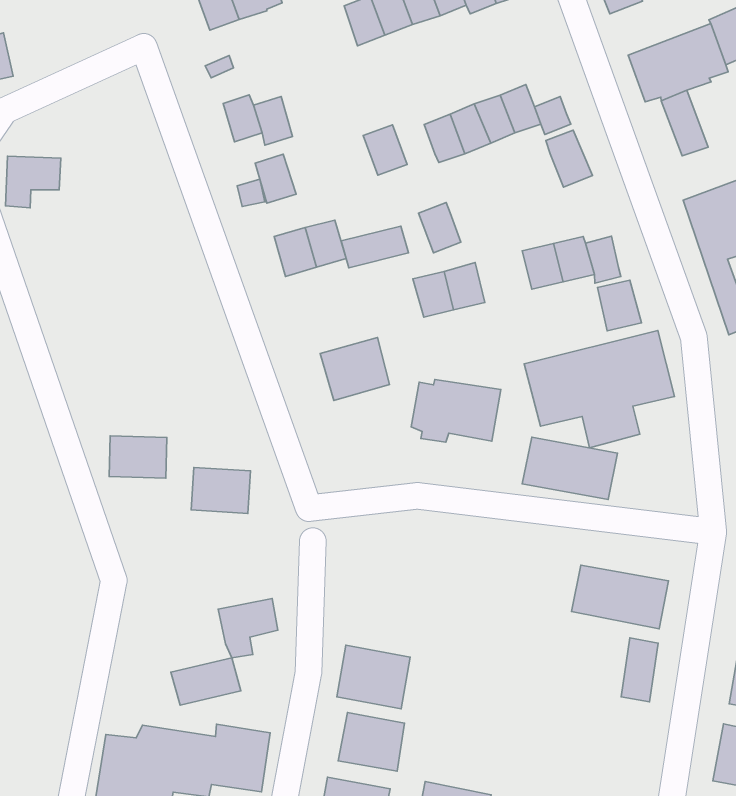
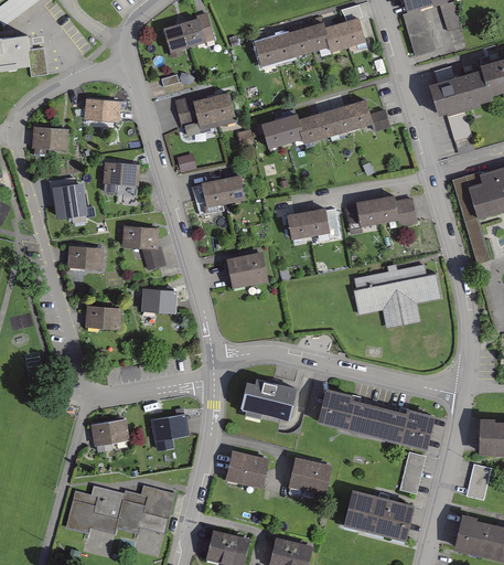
building: none -> [86,98,126,124]
building: [546,130,592,187] -> none
building: [255,154,296,203] -> [210,95,234,125]
building: [419,203,461,253] -> [278,116,303,147]
building: none -> [107,161,146,189]
building: [341,226,409,268] -> none
building: none -> [53,185,90,212]
building: [597,280,641,331] -> none
building: none -> [124,225,168,271]
building: none -> [69,245,107,274]
building: [411,379,501,442] -> [238,374,296,415]
building: [522,437,617,500] -> [318,391,378,433]
building: [191,467,251,513] -> [142,287,181,318]
building: [171,658,241,705] -> [86,416,129,444]
building: none -> [340,484,412,537]
building: [338,713,405,771] -> [286,454,329,492]

